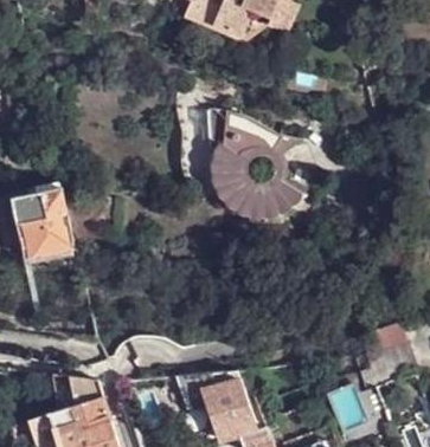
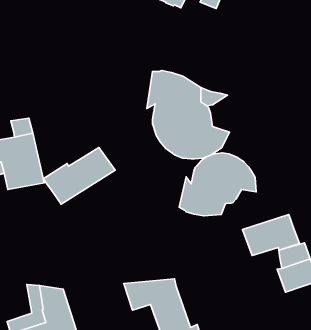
building: none -> [43,147,115,204]
building: none -> [179,153,256,216]
building: none -> [242,215,300,256]

